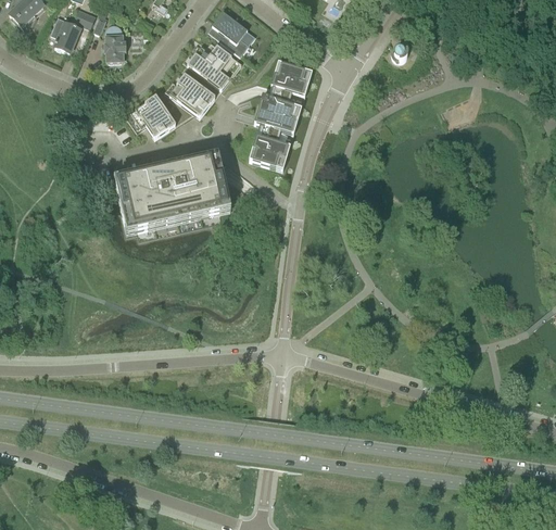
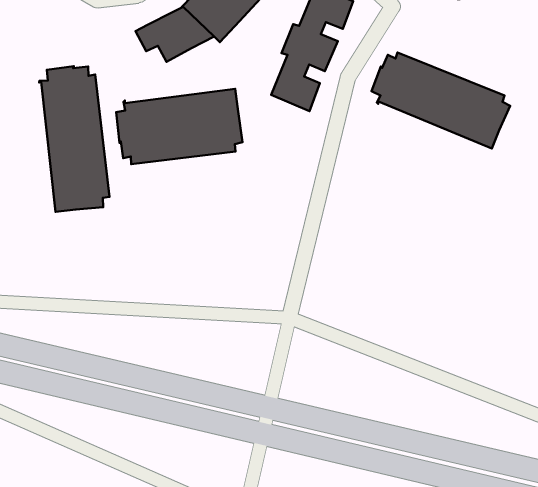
building: none -> [371,52,510,149]
building: none -> [39,66,110,212]

